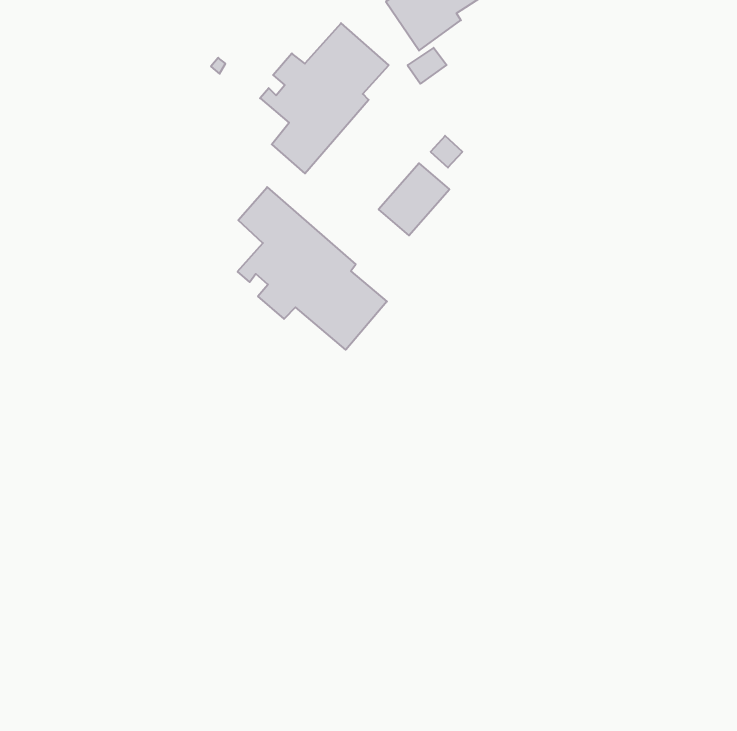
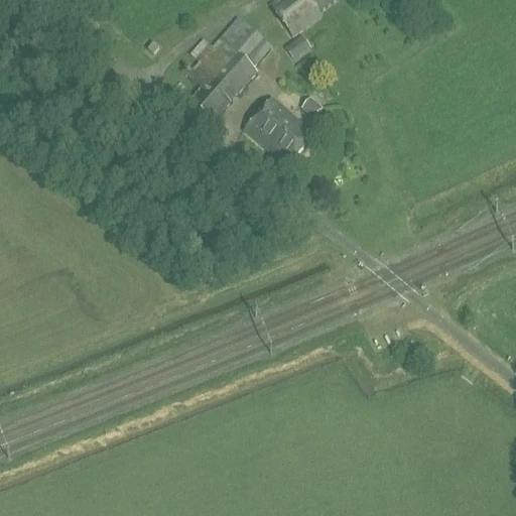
building: none -> [243,96,292,146]
building: [238,187,387,350] -> none

